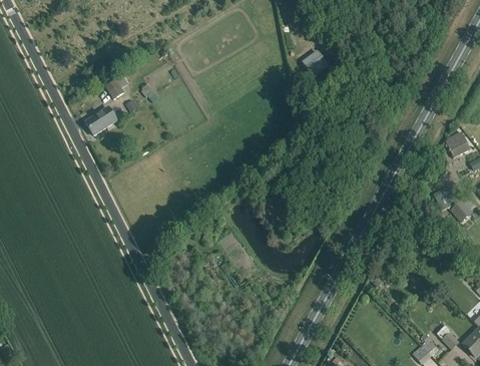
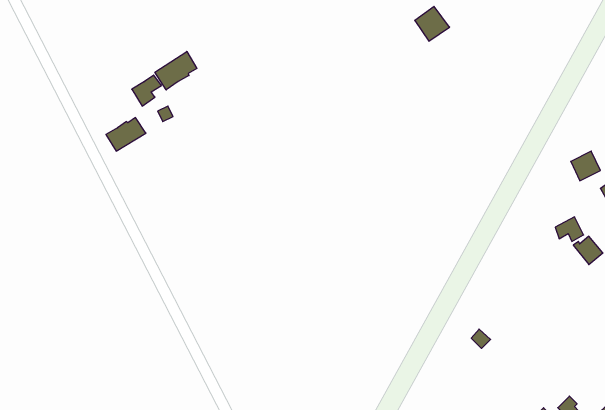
building: [302,49,329,76] -> [415,6,450,41]
building: none -> [155,51,197,90]

